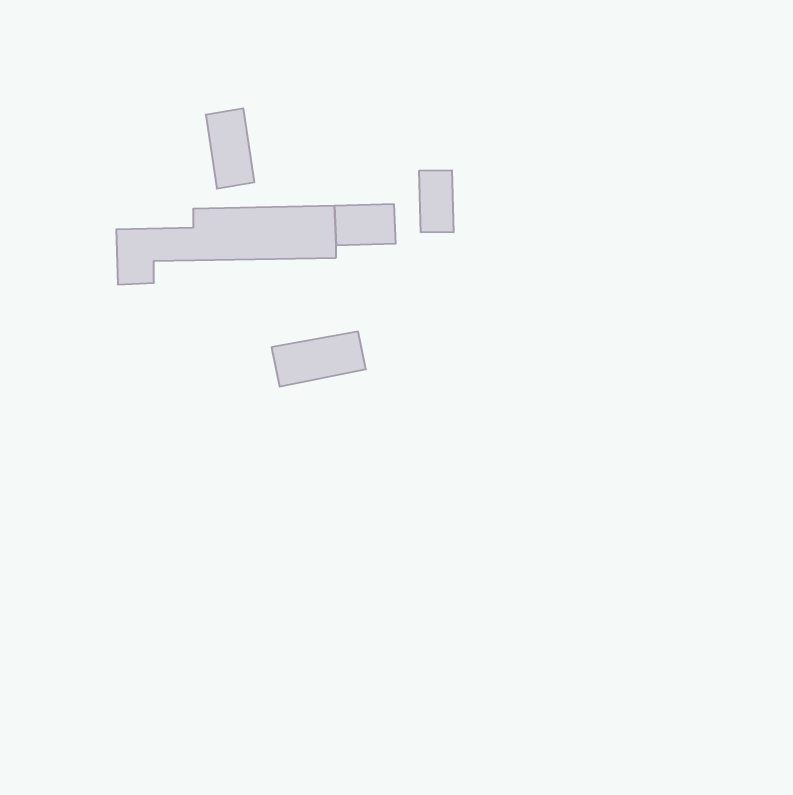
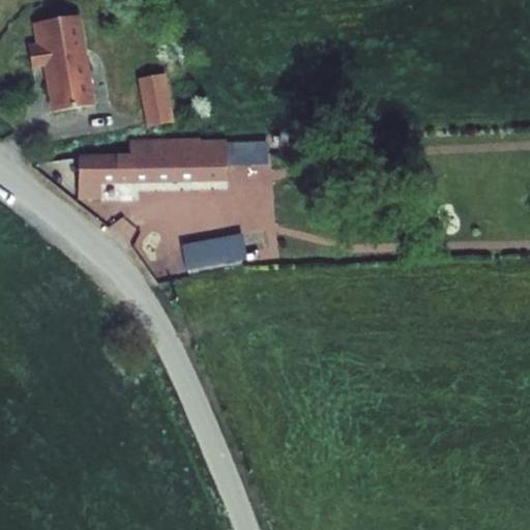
building: none -> [33,24,96,118]
building: [419,170,454,232] -> none

